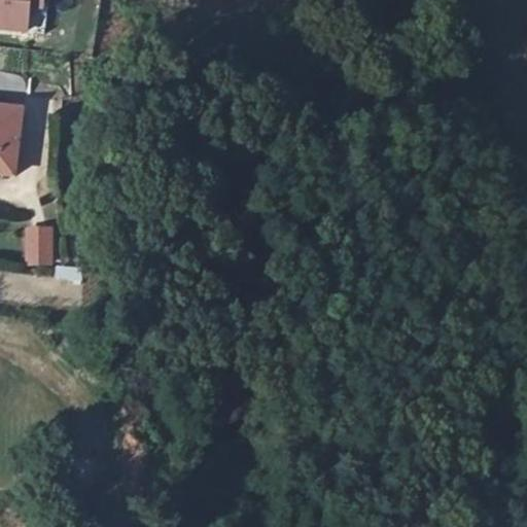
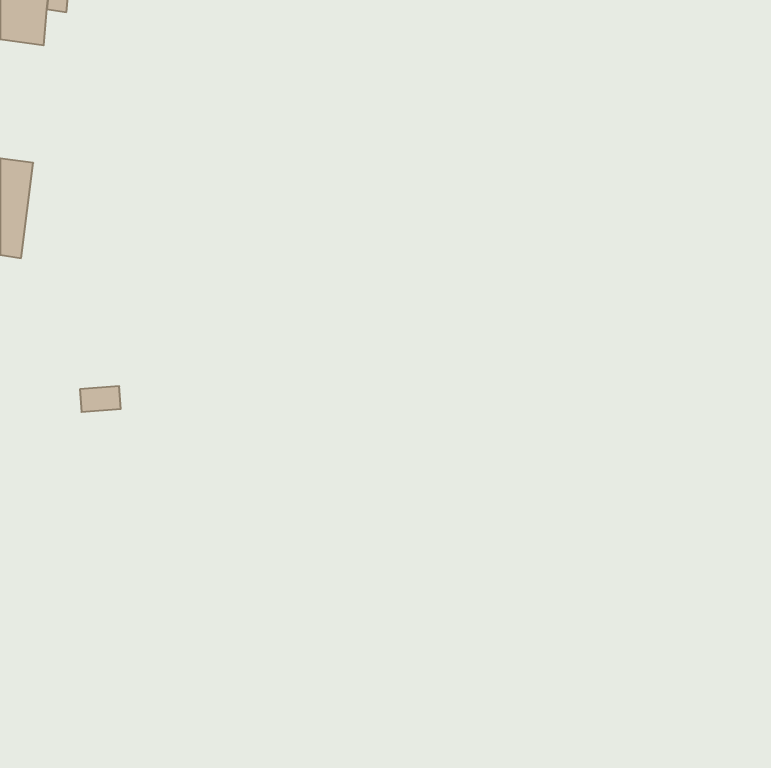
building: [27,226,51,262] -> none

